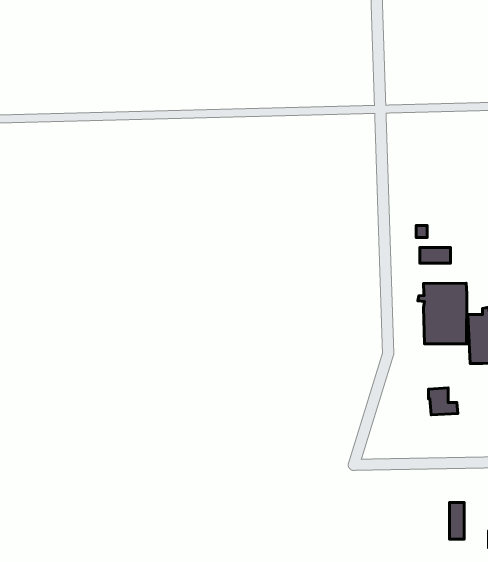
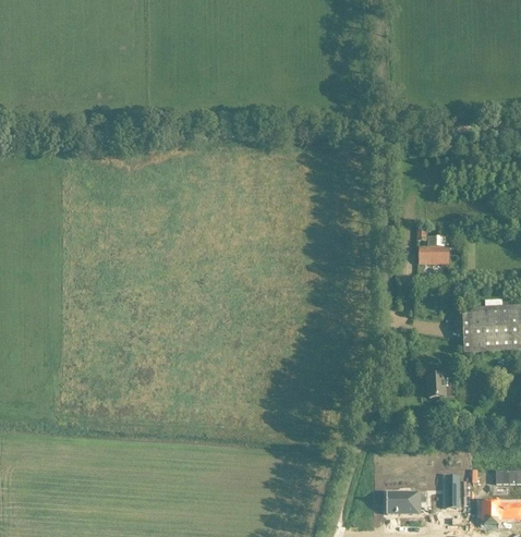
building: [418,283,467,344] -> none
building: none -> [387,491,421,513]

